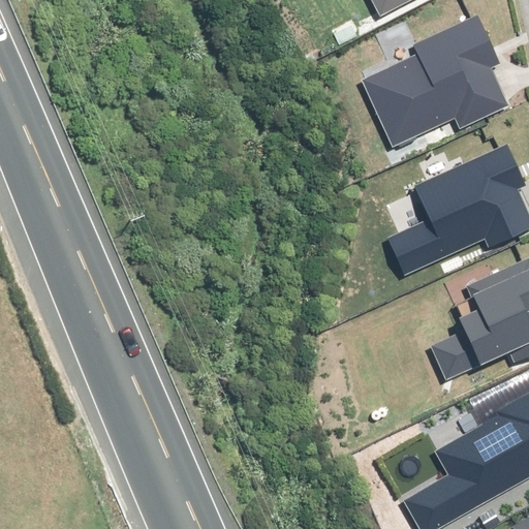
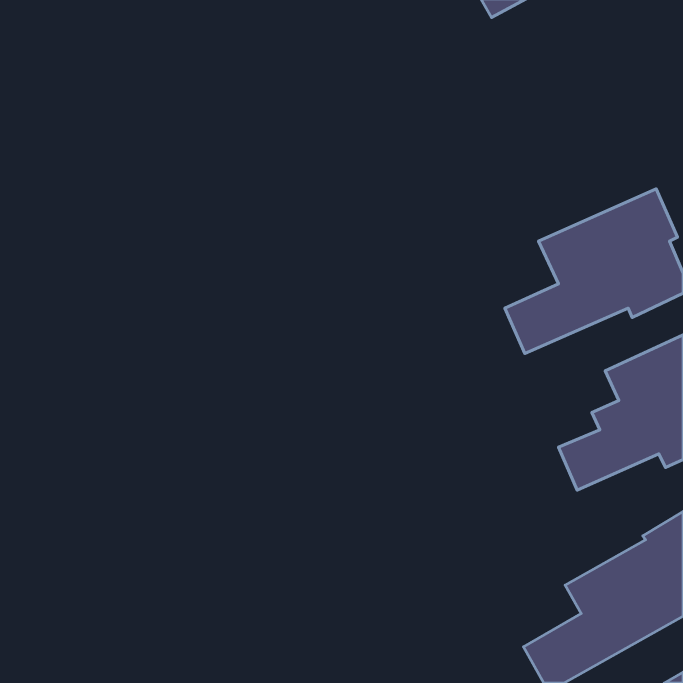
building: [364,18,505,144] -> none

